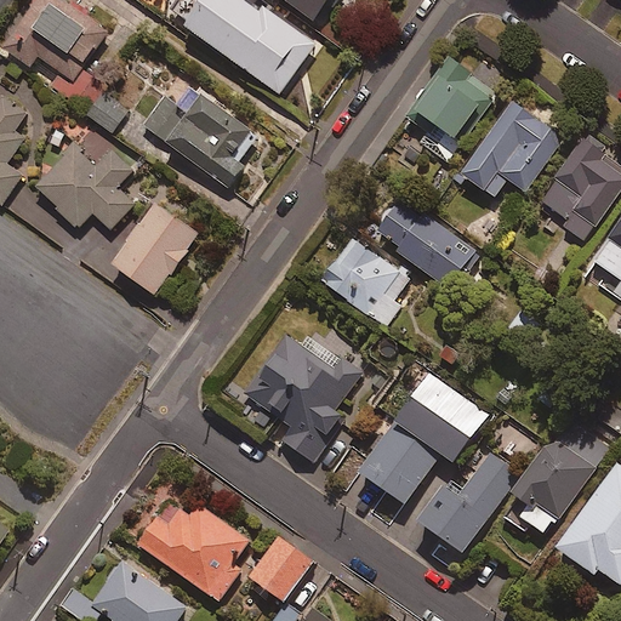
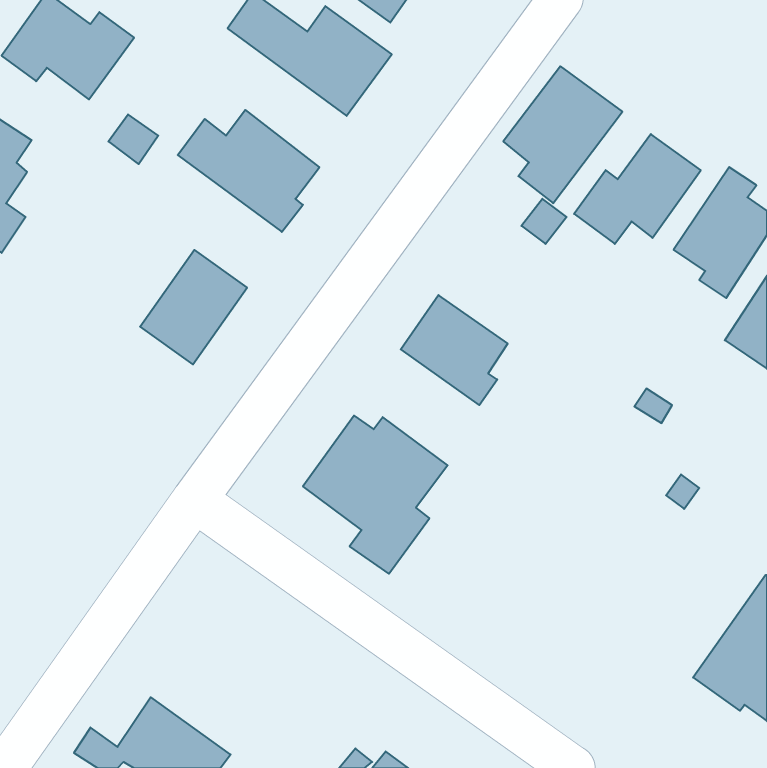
building: [36,131,135,228] -> none
building: [370,194,474,287] -> none
building: [359,372,488,503] -> none
building: [507,418,609,534] -> none
building: [418,451,522,552] -> none
building: [139,501,249,600] -> none
building: [250,536,312,600] -> none

